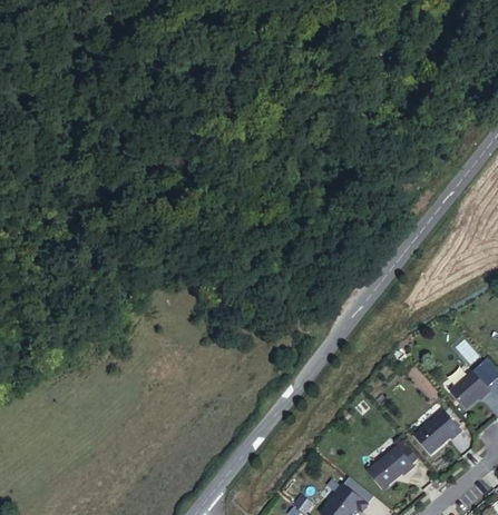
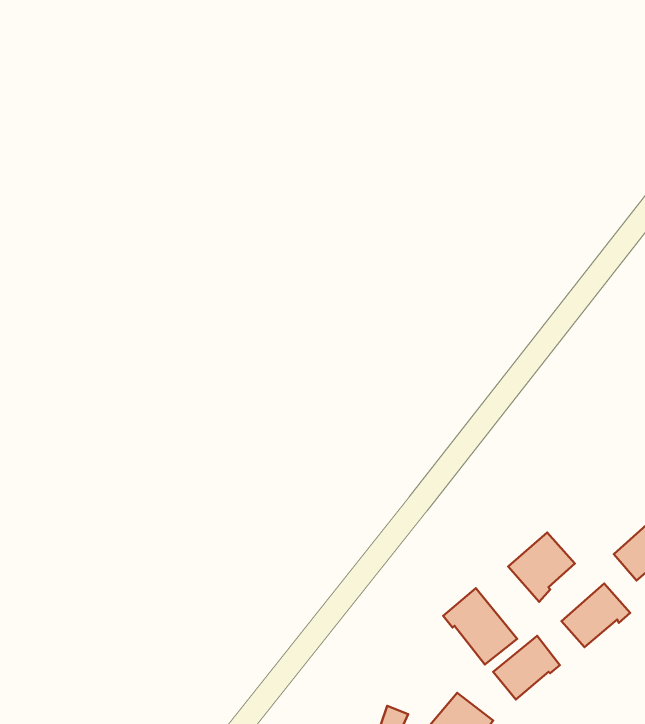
building: none -> [508,533,575,602]
building: none -> [443,588,517,665]

